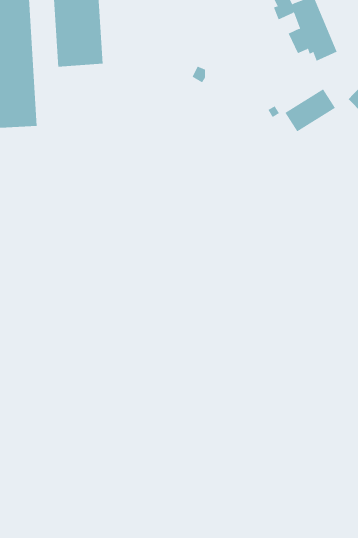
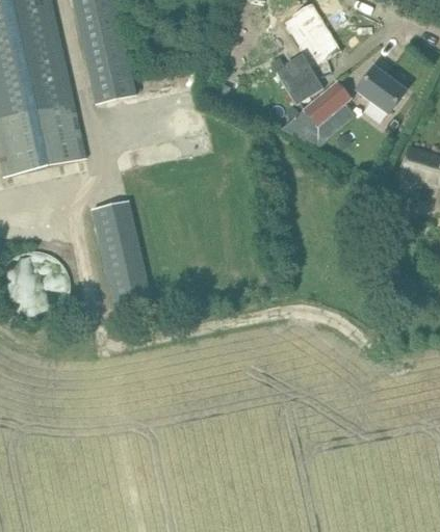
building: none -> [275,65,323,104]
building: none -> [94,205,150,309]

